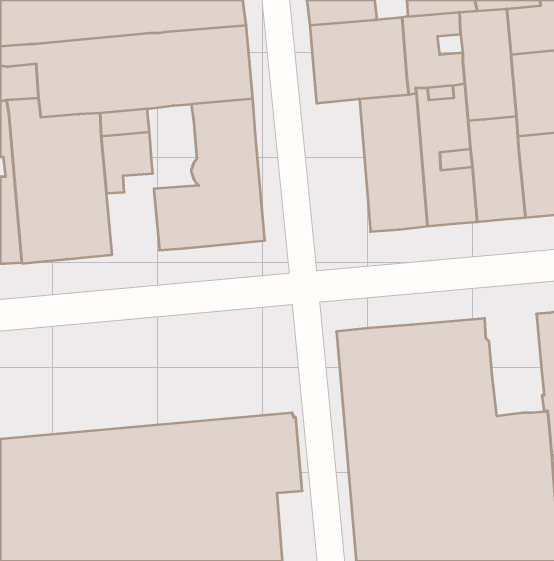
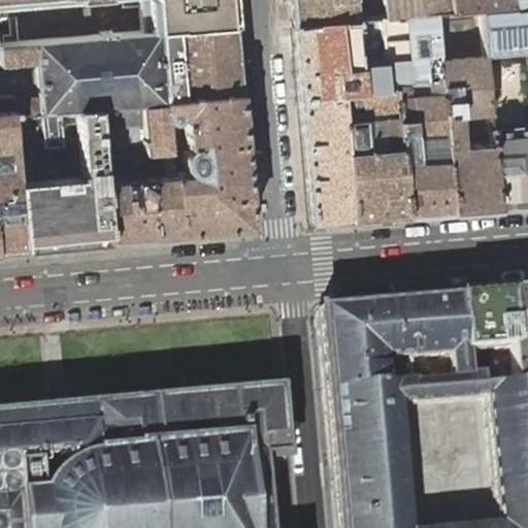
building: none -> [304,93,355,221]
building: none -> [145,98,189,154]
building: none -> [107,163,157,239]
building: none -> [462,295,518,388]

